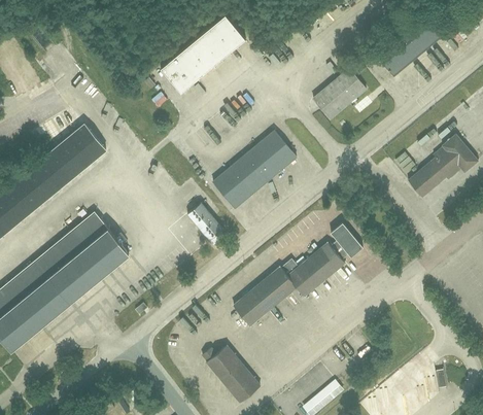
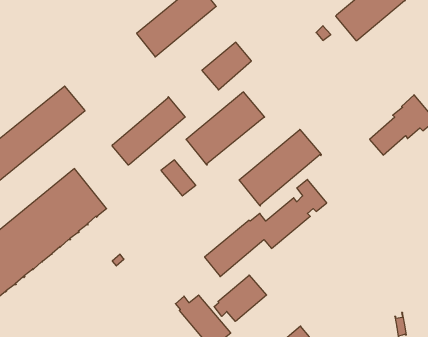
building: [313,69,366,119] -> [202,42,251,90]
building: none -> [112,97,185,165]
building: none -> [239,129,321,206]
building: none -> [214,275,267,321]

